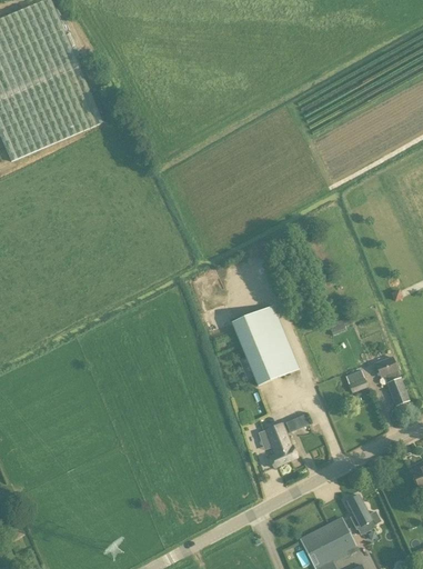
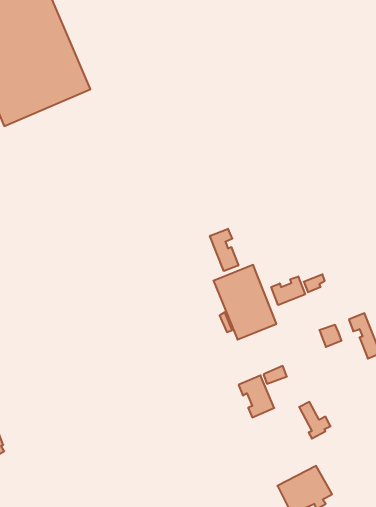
building: none -> [210,229,238,271]
building: none -> [271,276,305,305]
building: [345,495,379,533] -> [299,402,331,439]

